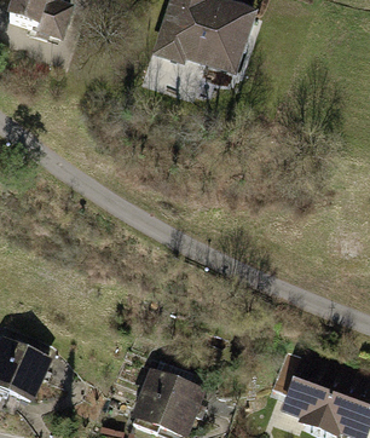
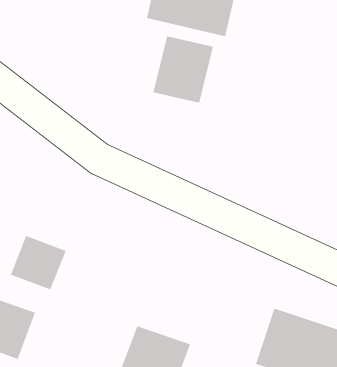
building: none -> [153,36,214,103]
building: none -> [10,235,66,290]

